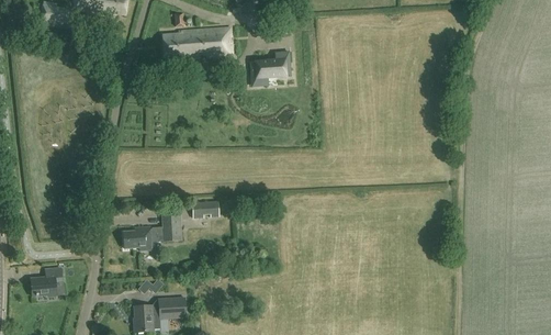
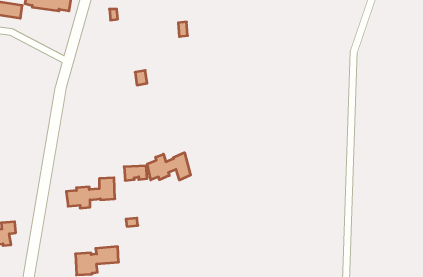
building: [162,26,233,59] -> none
building: [250,59,291,77] -> none
building: none -> [147,153,191,180]

